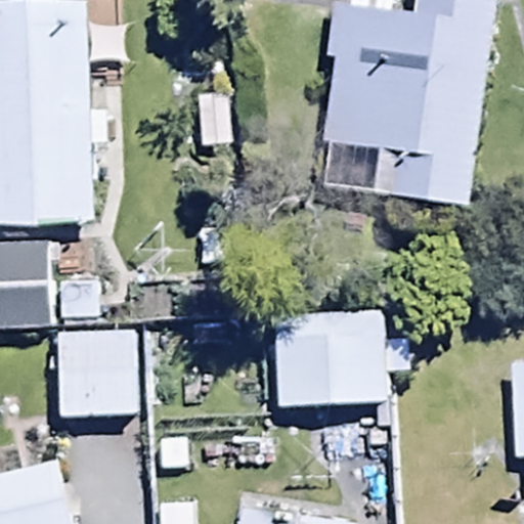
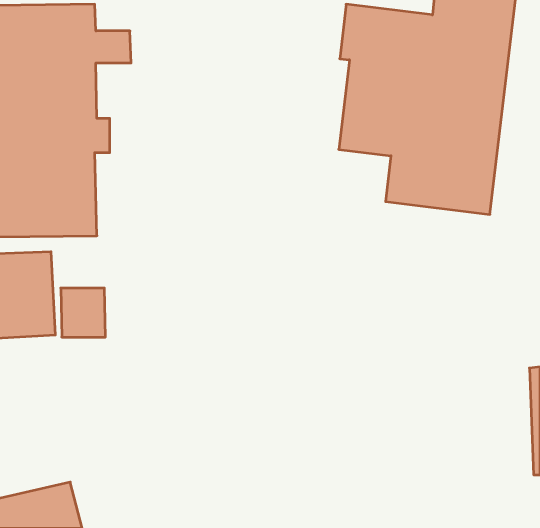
building: [269,309,406,406] -> none
building: [57,323,138,421] -> none

